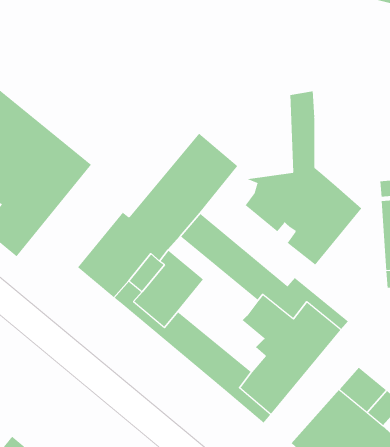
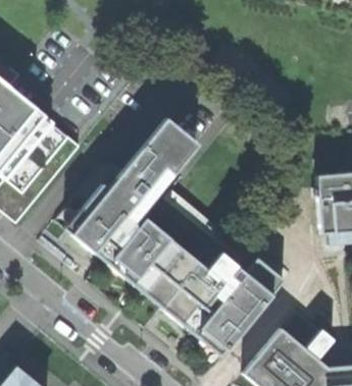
building: [245,90,362,266] -> none
building: none -> [152,238,224,315]

